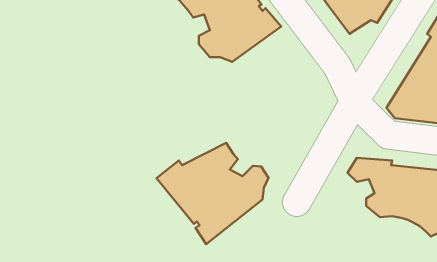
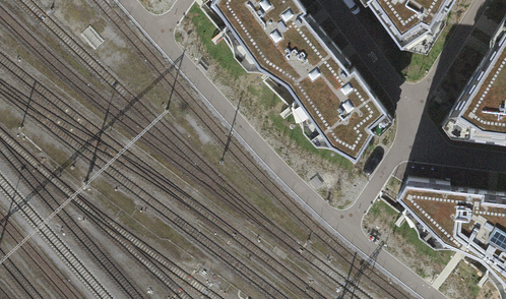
building: none -> [273,38,385,161]
building: [157,143,268,244] -> none

